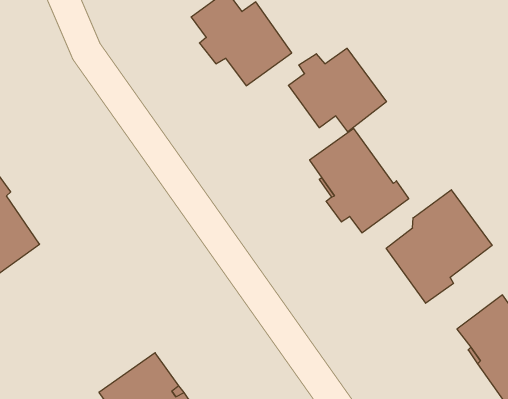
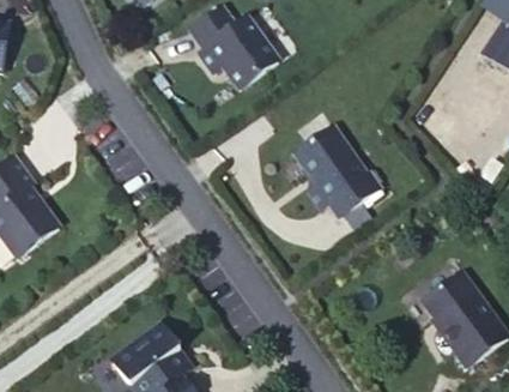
building: [288,48,386,132] -> none
building: [386,190,492,303] -> none

